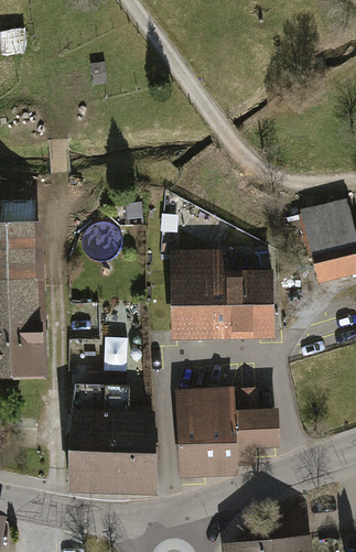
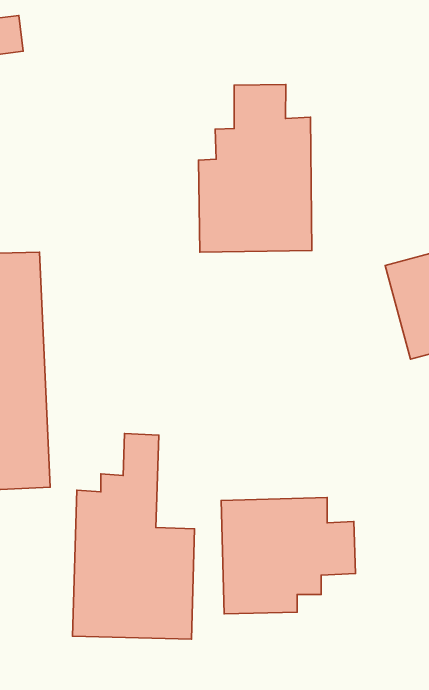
building: none -> [198,85,312,252]
building: [166,247,271,337] -> none

